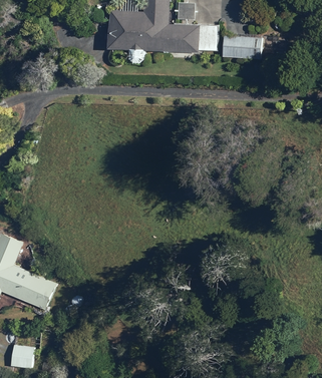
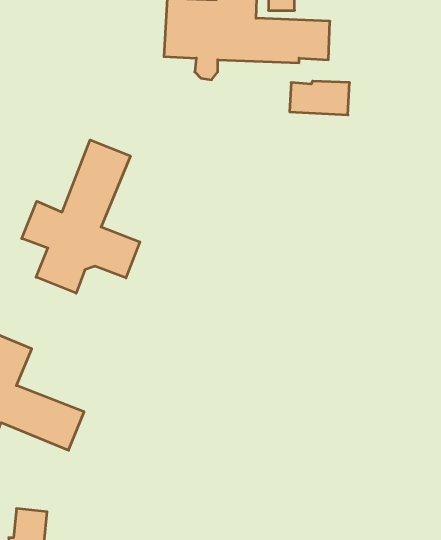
building: [222,37,261,59] -> [290,81,350,115]
building: none -> [22,140,140,293]

